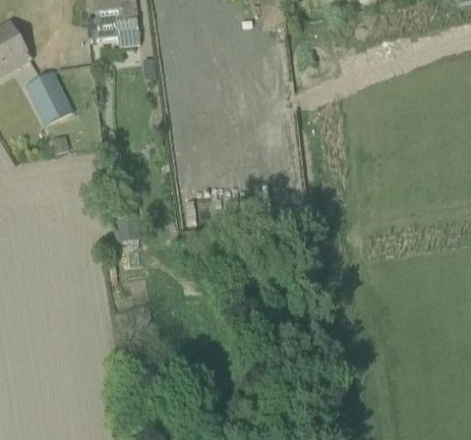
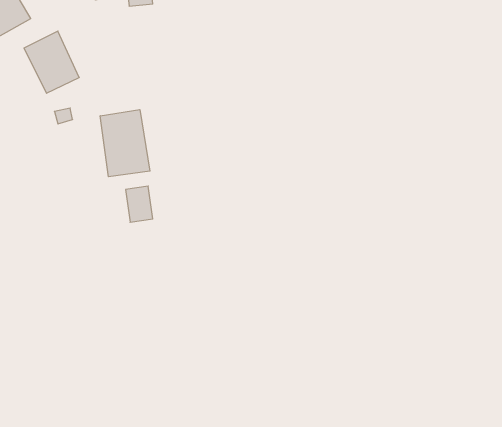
building: none -> [100,110,150,177]

